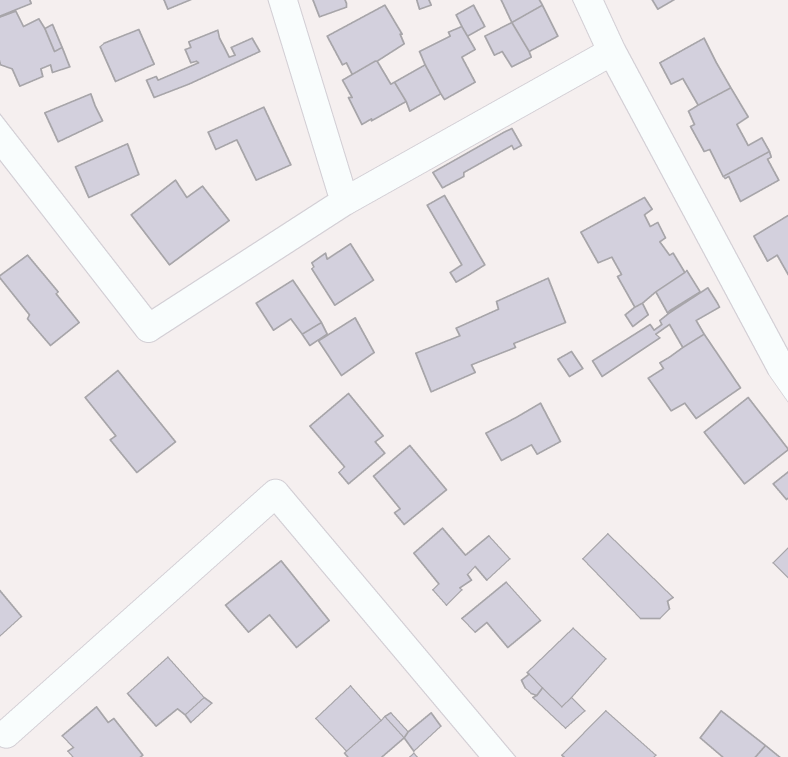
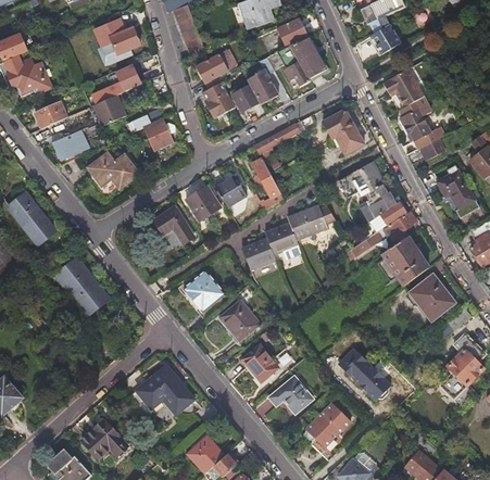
building: [100,30,154,81] -> [95,96,125,125]
building: none -> [319,109,363,153]
building: [319,318,374,376] -> [214,174,246,206]
building: [486,403,560,461] -> none

